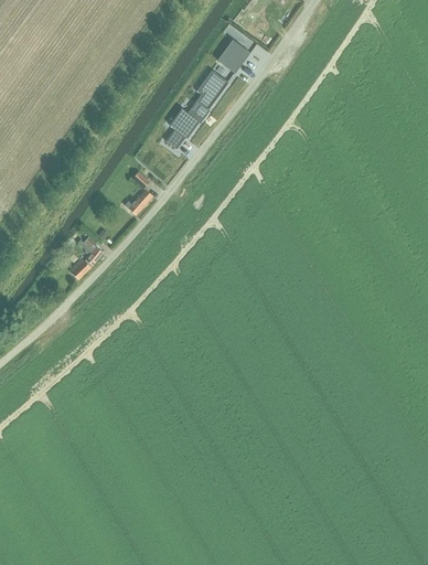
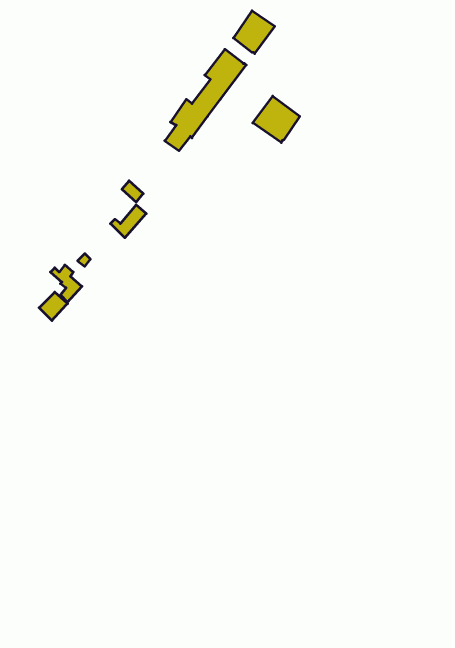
building: none -> [253,96,300,143]

